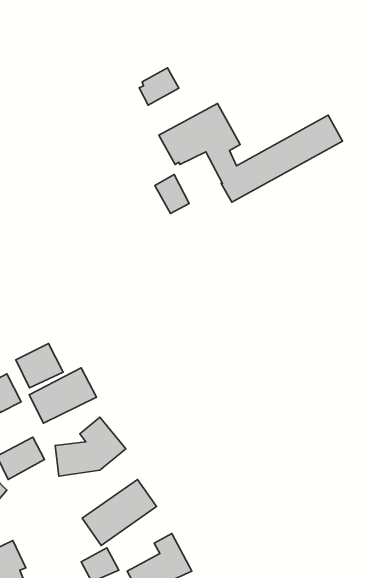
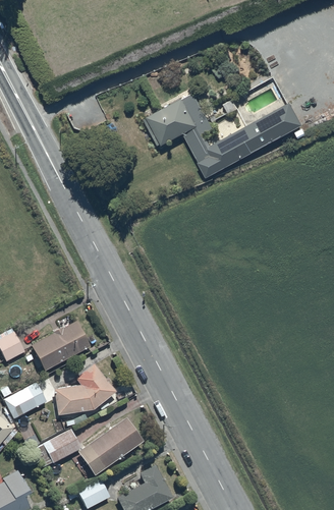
building: [139,68,179,105] -> none
building: [155,174,189,214] -> none
building: [16,343,63,388] -> none
building: none -> [32,429,80,467]

